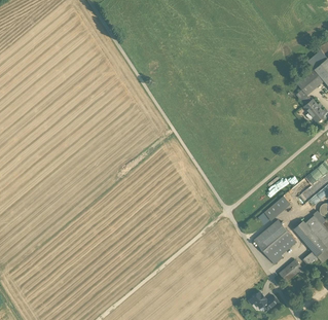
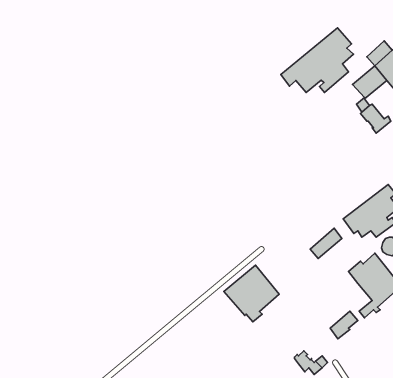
building: none -> [281,28,354,93]
building: [252,219,295,263] -> [224,265,279,322]

